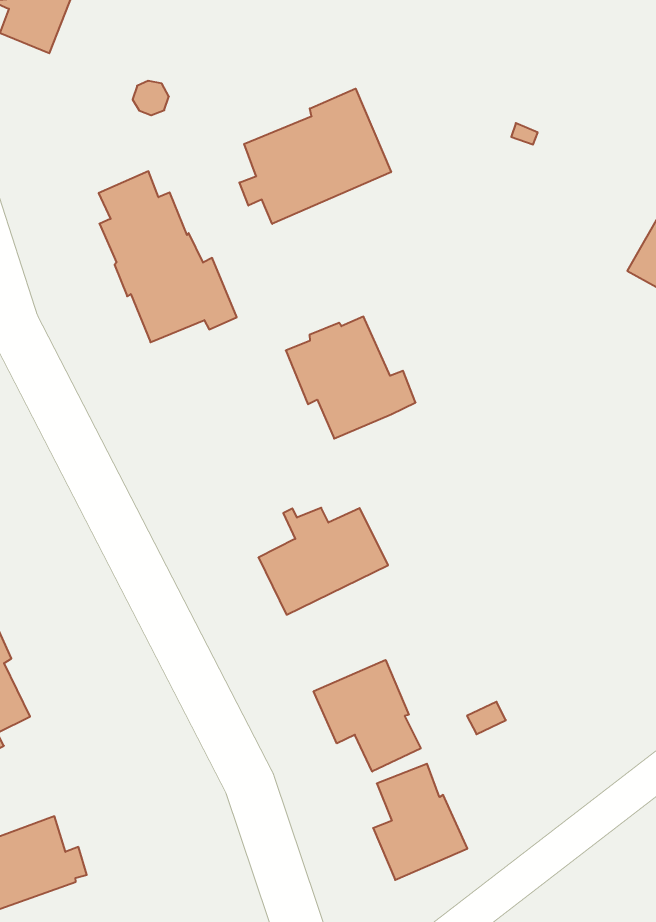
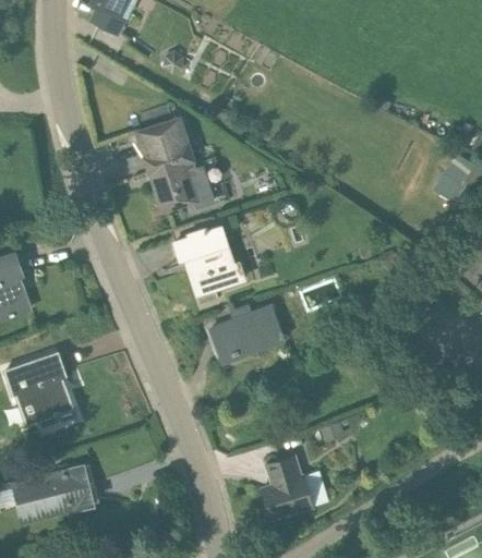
building: [239,89,391,224] -> none
building: [286,317,416,439] -> [174,228,245,295]
building: [314,660,421,772] -> none

